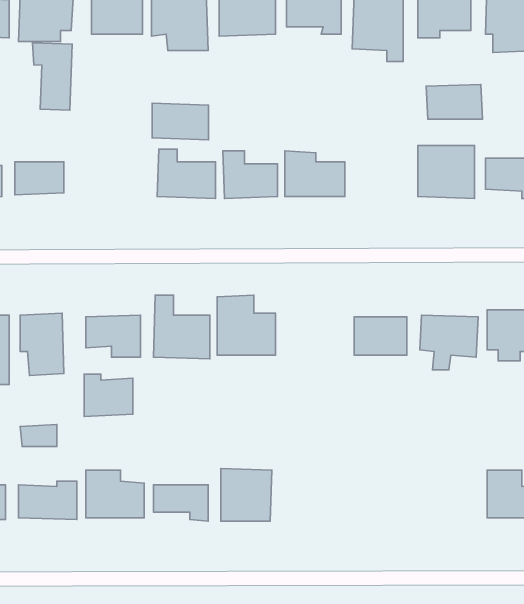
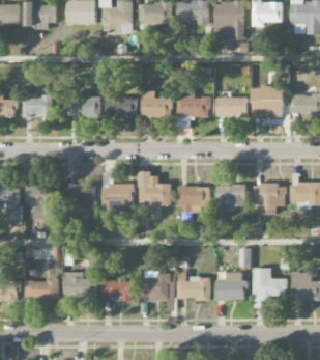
building: [33,43,72,110] -> none
building: [426,84,483,119] -> [215,98,248,117]
building: [152,103,209,140] -> [67,96,99,117]
building: none -> [179,187,209,207]
building: [84,374,133,416] -> none
building: none -> [253,269,286,303]
building: none -> [176,273,210,301]
building: none -> [214,273,244,301]

